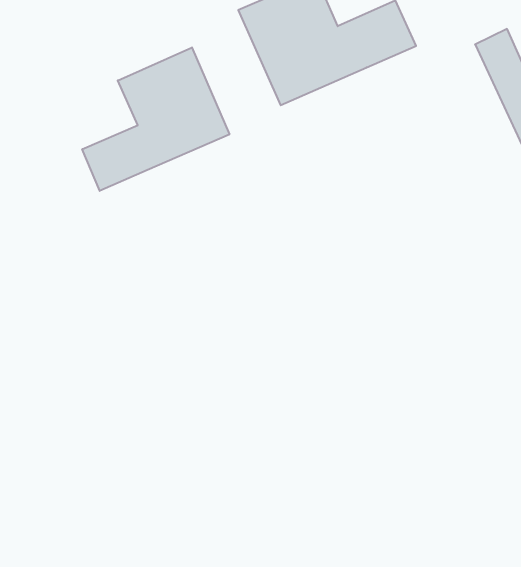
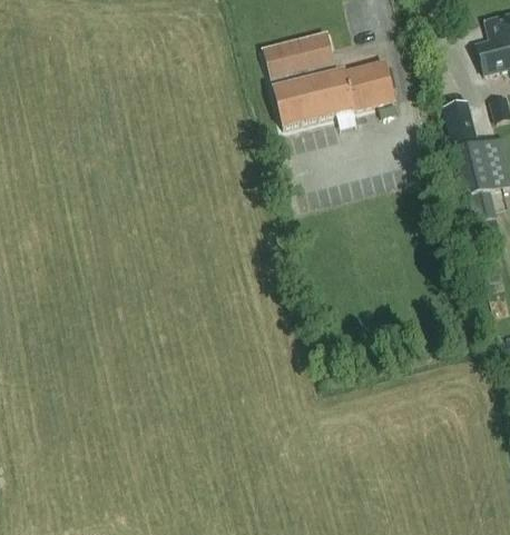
building: [82,47,229,191] -> none

